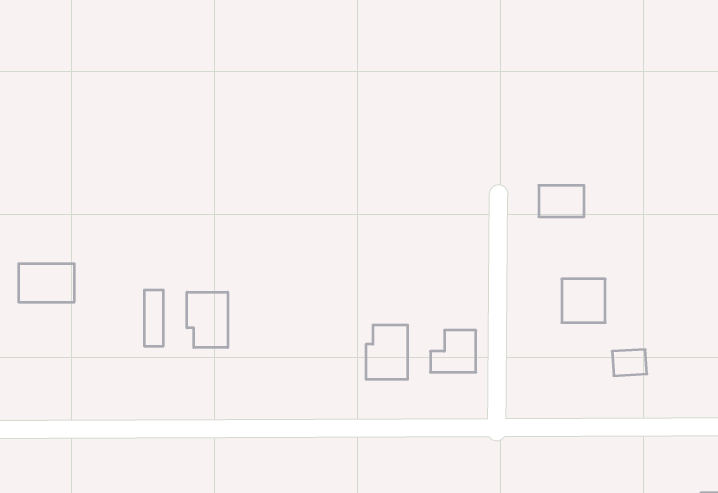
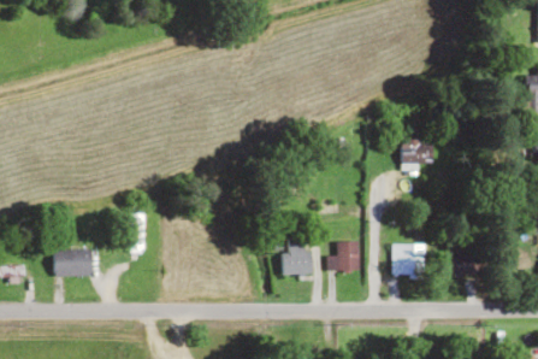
building: [19,264,74,302] -> [54,249,93,276]
building: [562,279,605,323] -> [394,246,424,276]
building: [187,292,228,348] -> none

